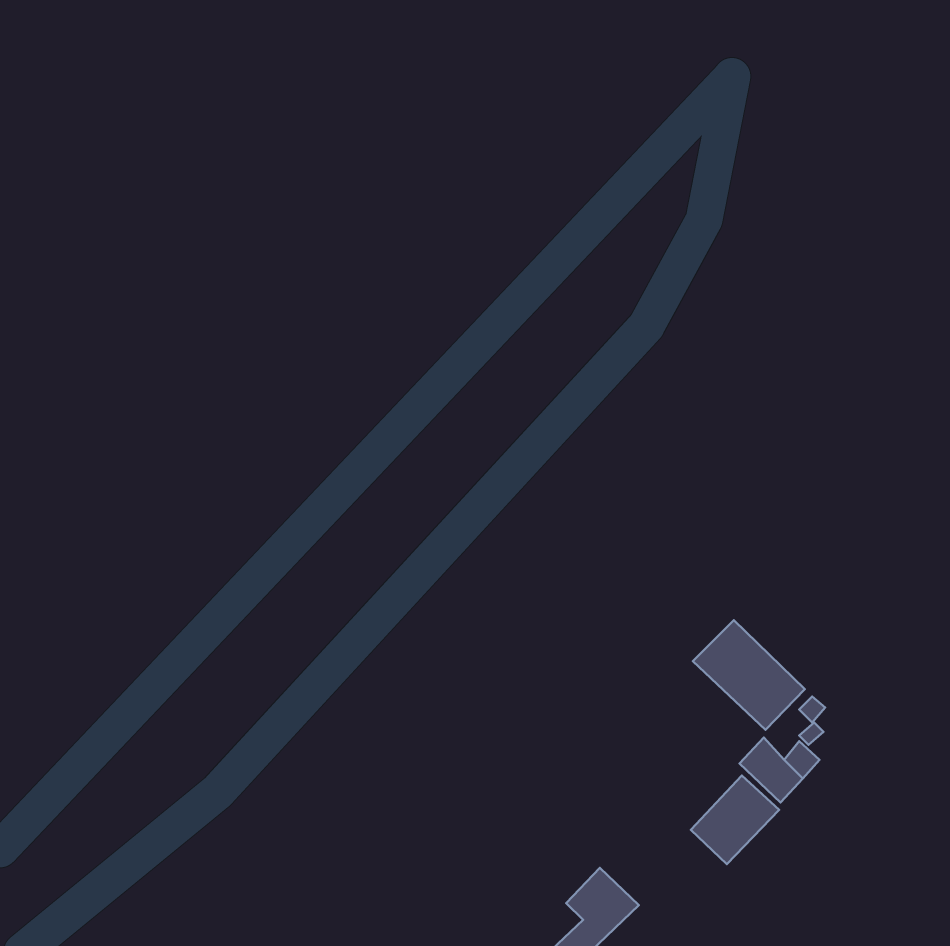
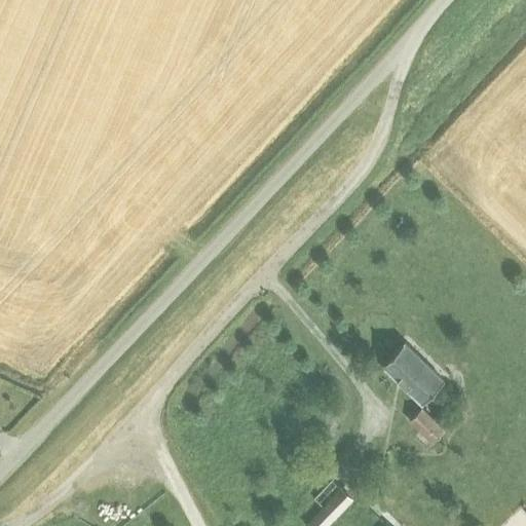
building: [691,776,779,864] -> none

